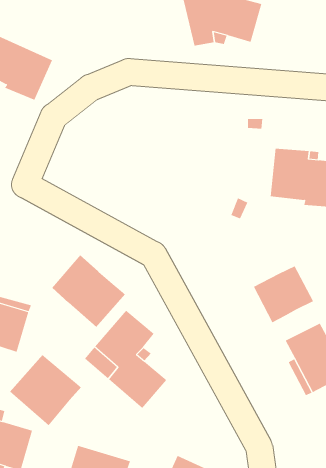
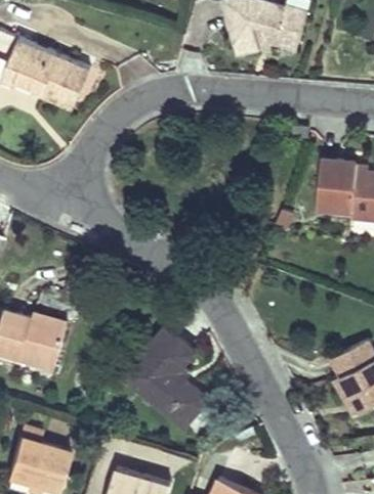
building: [51,255,126,328] -> none
building: [253,265,314,323] -> none
building: [9,354,82,426] -> none

